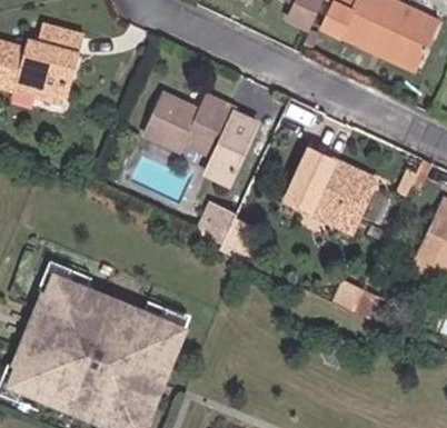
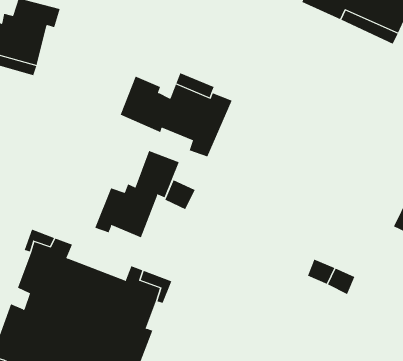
building: [289,153,375,230] -> none
building: none -> [95,150,179,238]

